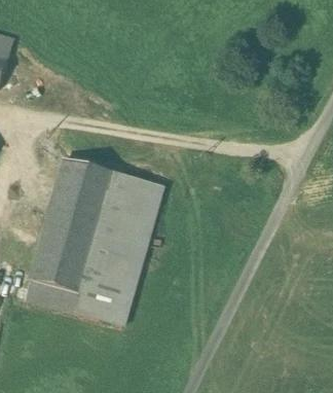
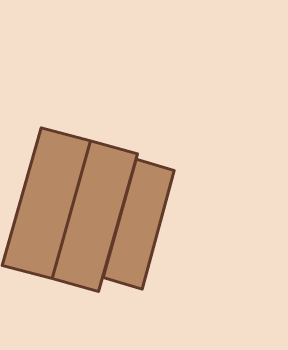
building: none -> [103,159,174,289]

